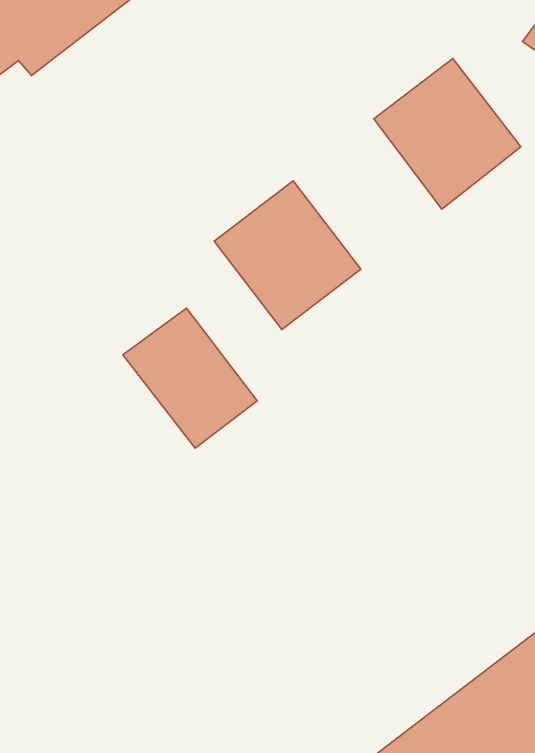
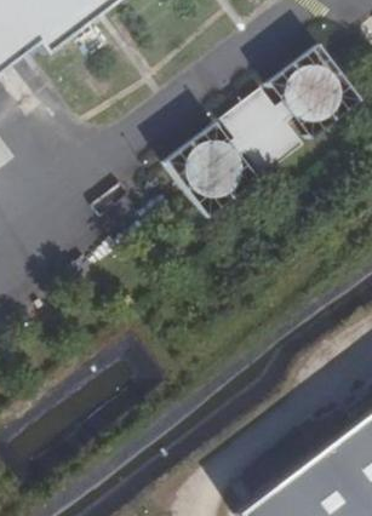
building: none -> [216,88,301,177]
building: [123,308,257,448] -> none

